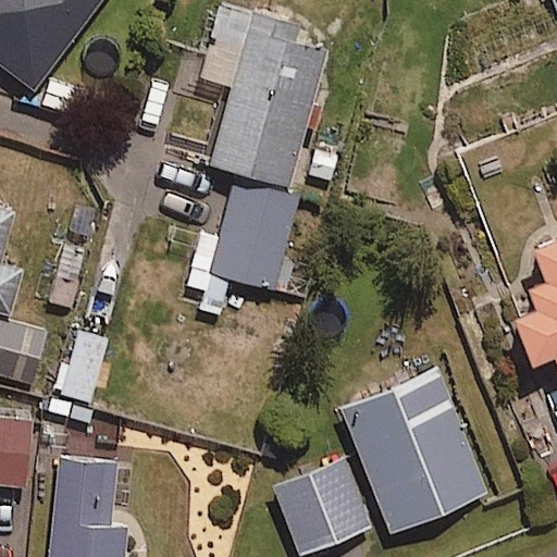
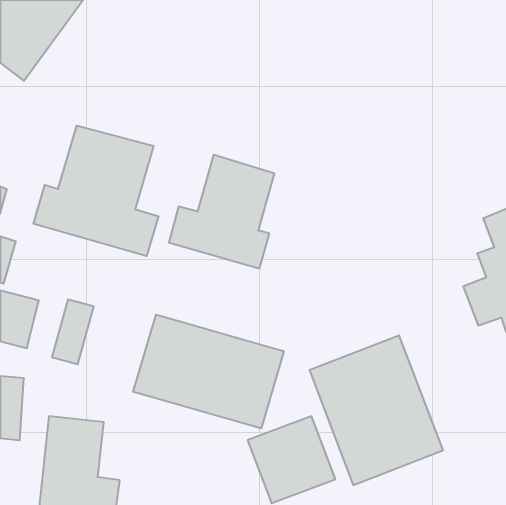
building: [209,27,327,187] -> none
building: none -> [34,126,158,256]
building: none -> [133,315,284,428]

